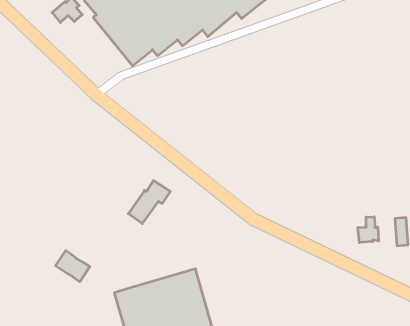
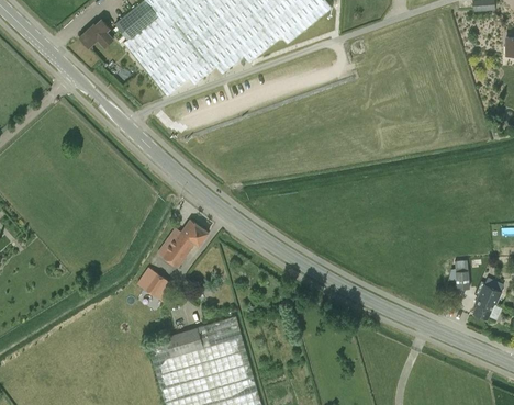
building: [358,217,379,243] -> none
building: [56,251,90,282] -> [137,269,175,303]

